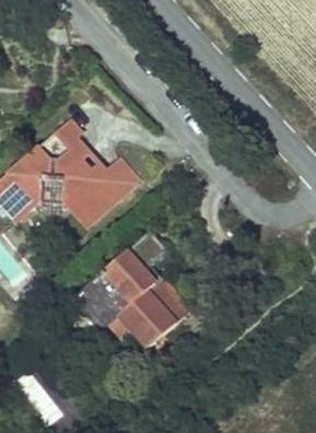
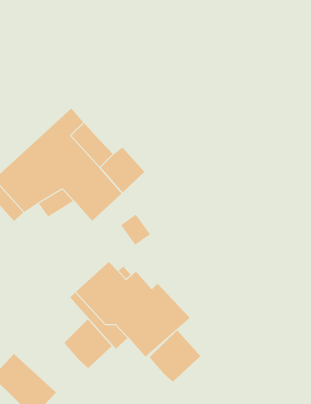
building: none -> [63,319,113,369]
building: none -> [149,329,201,383]

